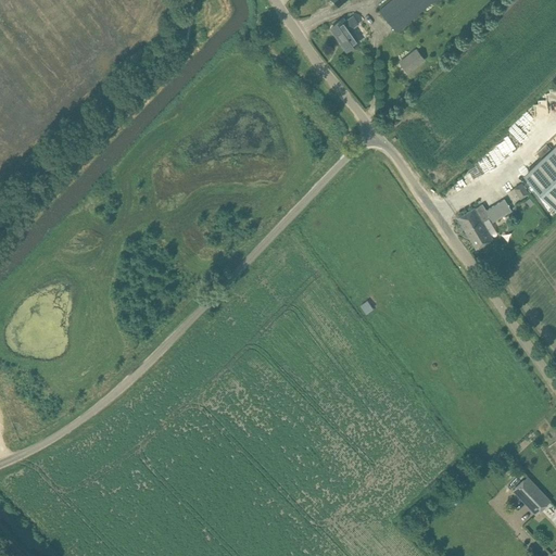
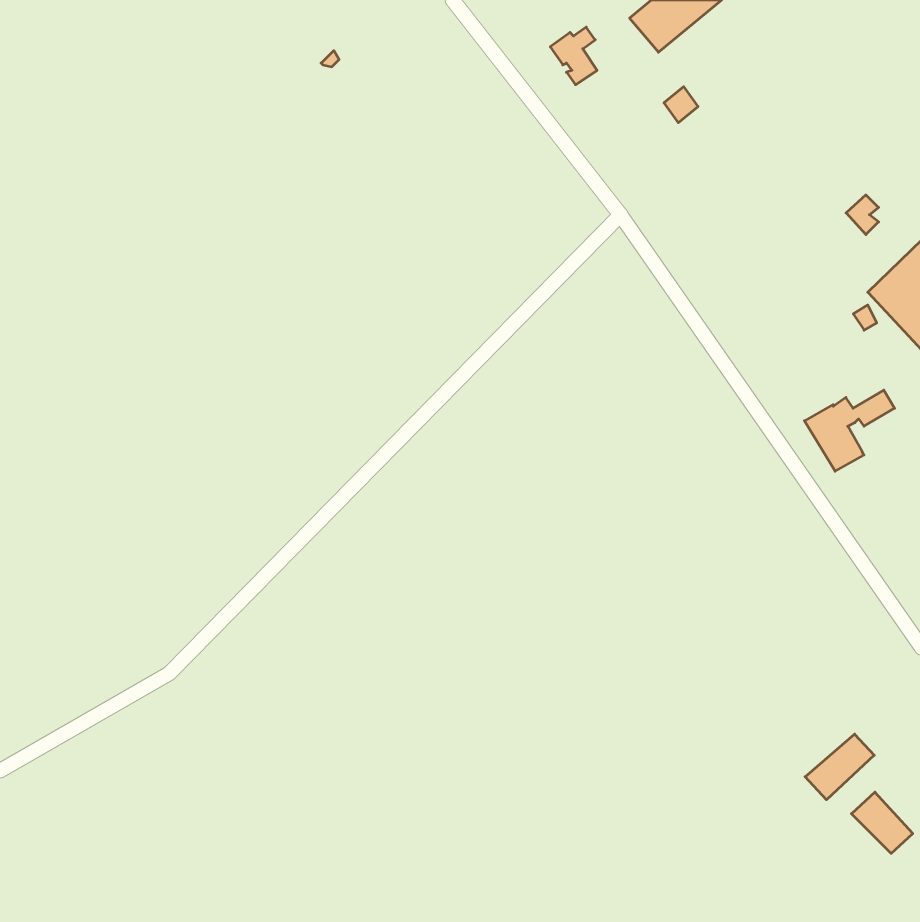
building: [458,200,513,249] -> [804,390,895,471]
building: none -> [805,734,874,800]

